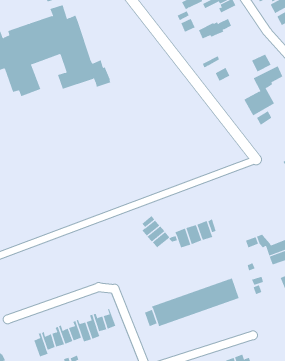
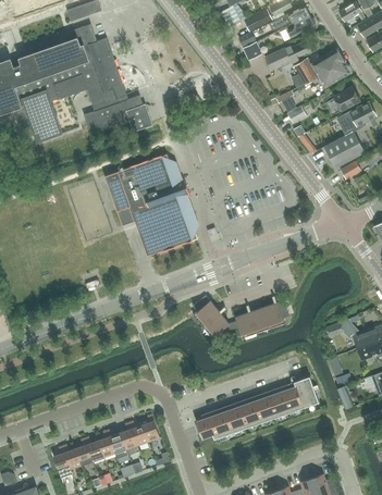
building: none -> [295,47,352,87]
building: none -> [104,153,197,256]

